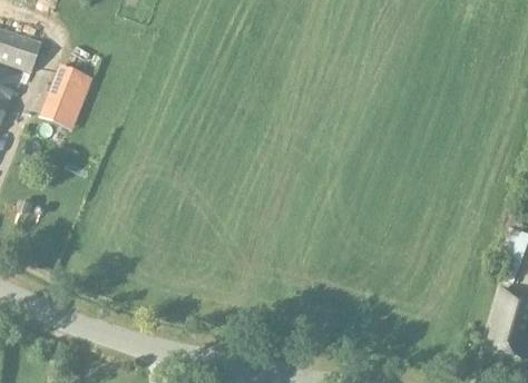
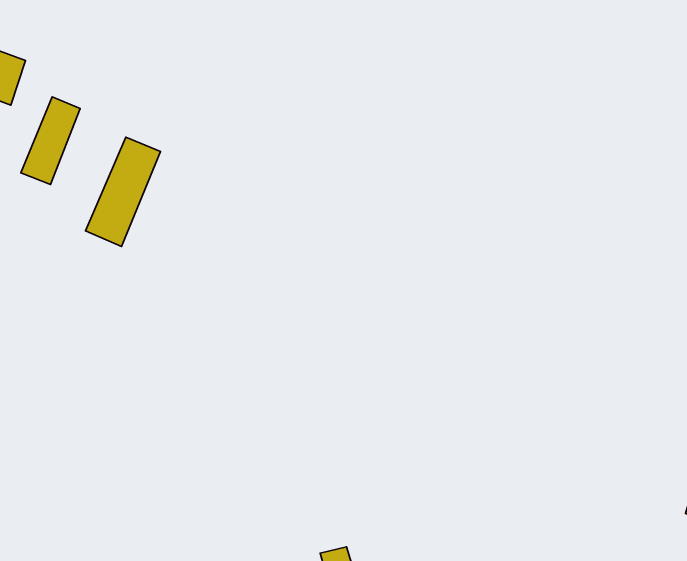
building: none -> [85,137,160,246]

